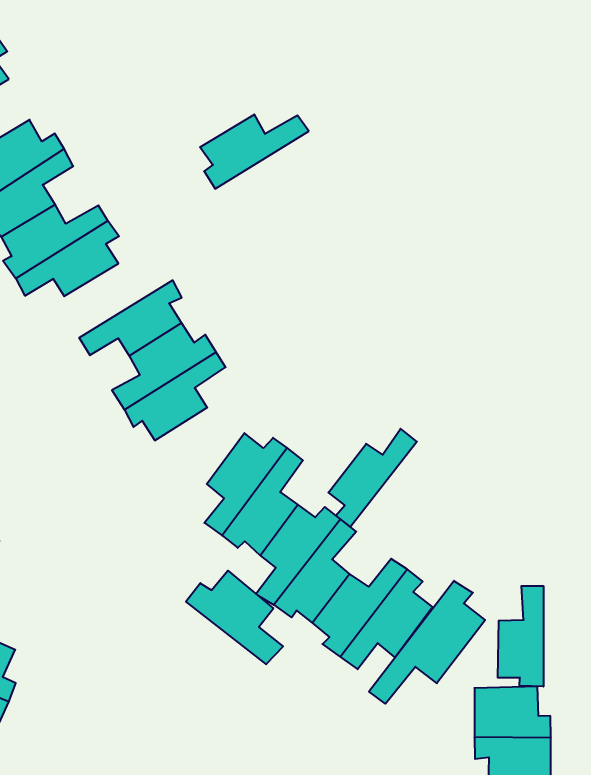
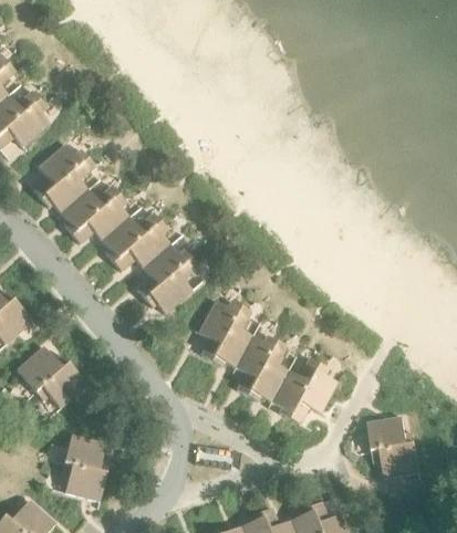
building: [200,114,309,189] -> [101,212,160,261]
building: [328,429,417,527] -> none
building: [186,571,283,664] -> none
building: [369,581,485,704] -> none
building: [498,586,543,687] -> none

